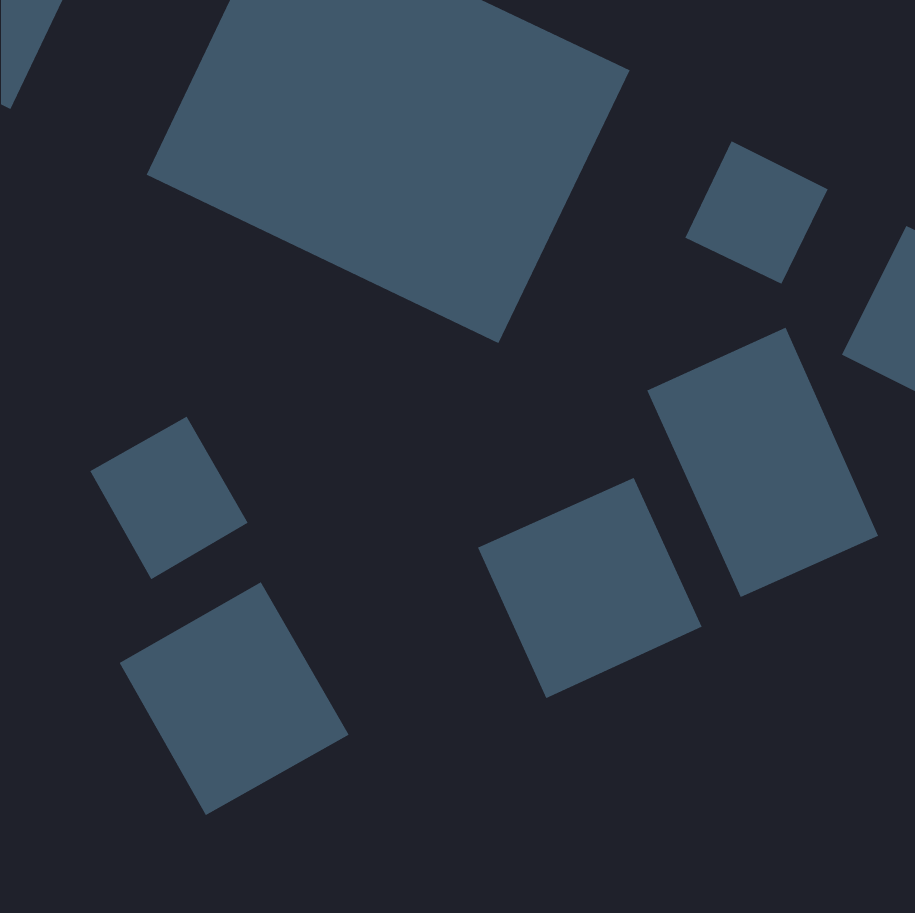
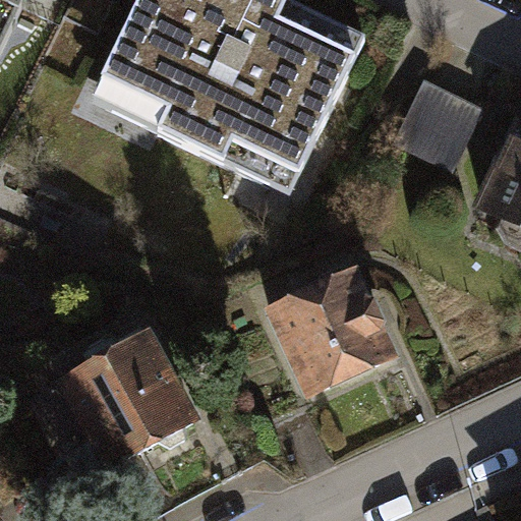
building: [647,327,879,598] -> none
building: [90,416,248,580] -> none

